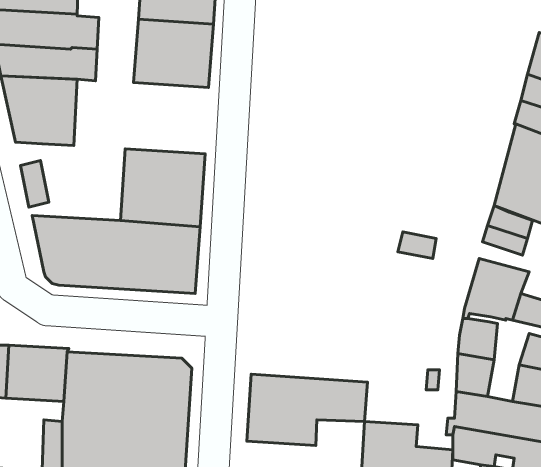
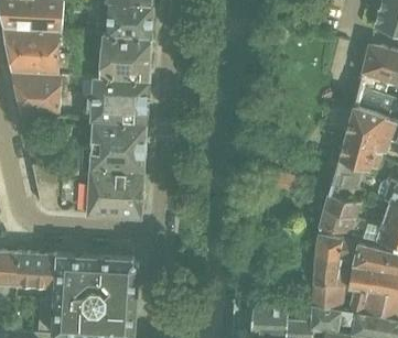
building: none -> [79,77,148,126]
building: none -> [333,238,361,290]
building: [247,374,368,446] -> none

